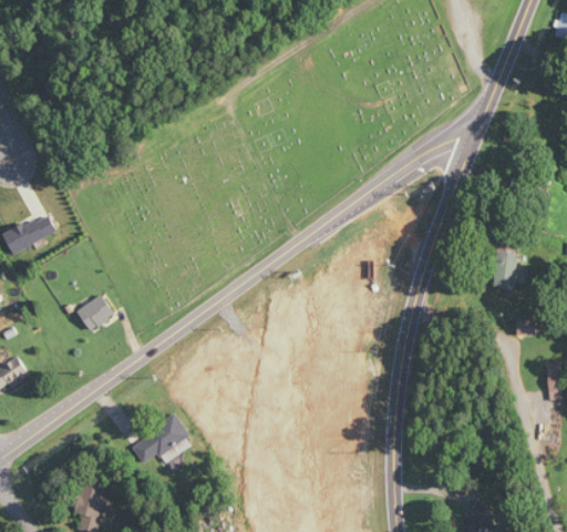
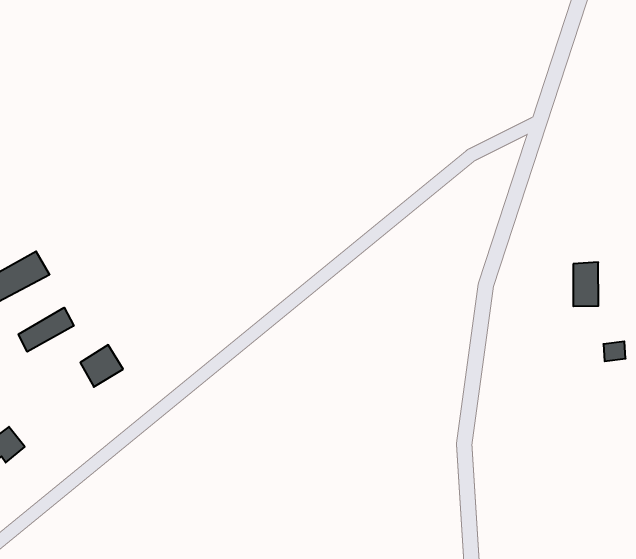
building: none -> [19,308,74,352]
building: [131,417,188,466] -> none

